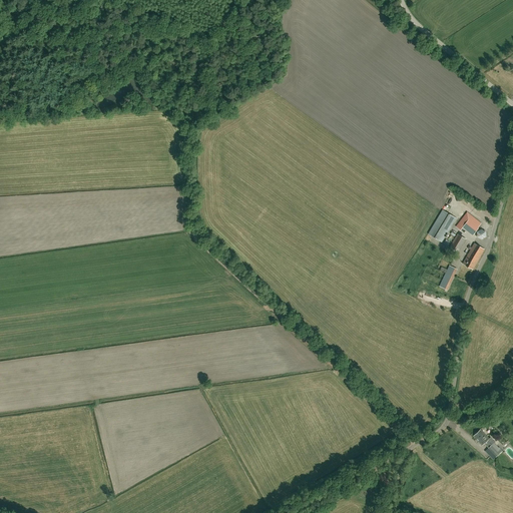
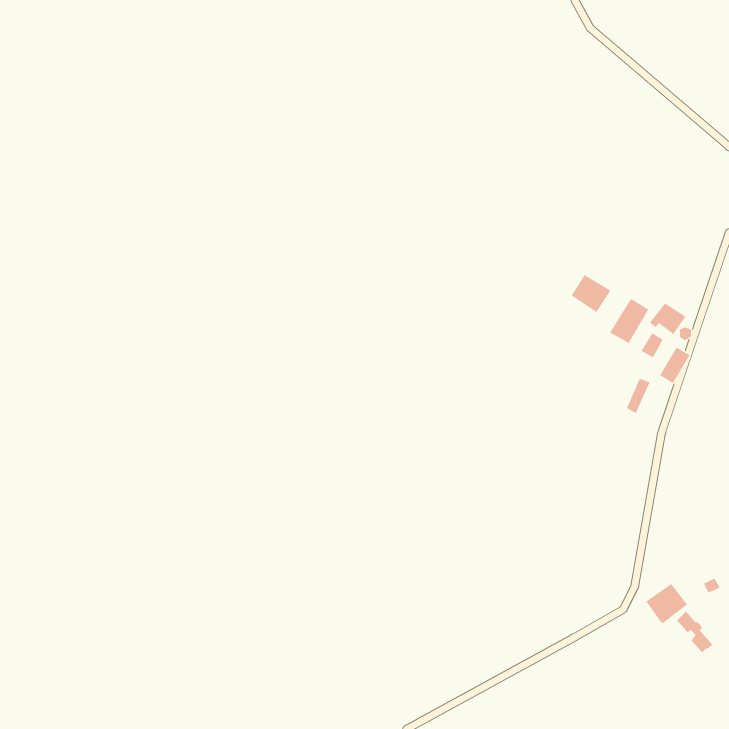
building: none -> [571,274,611,313]
building: none -> [645,583,688,624]

